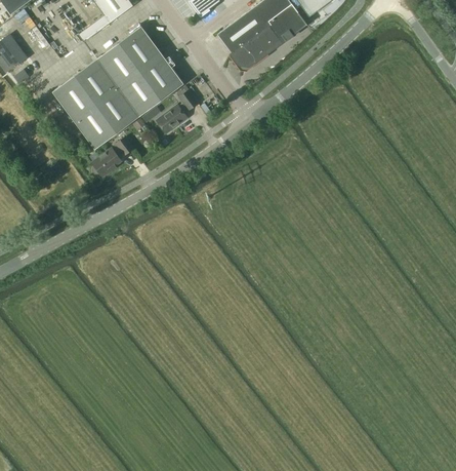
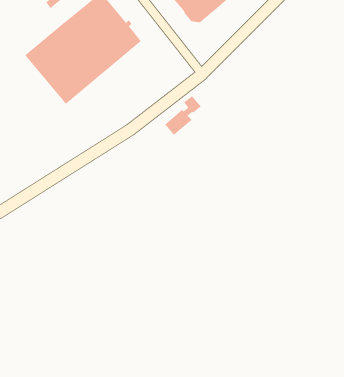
building: [156,89,199,133] -> [164,95,202,136]
building: [91,136,133,176] -> none

